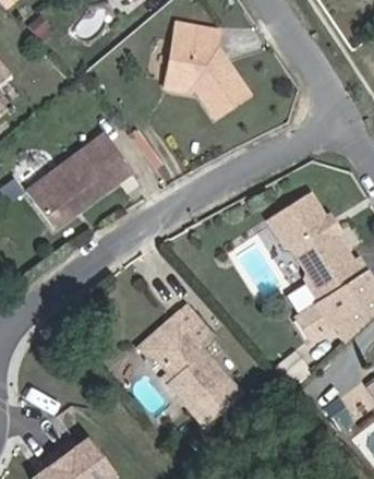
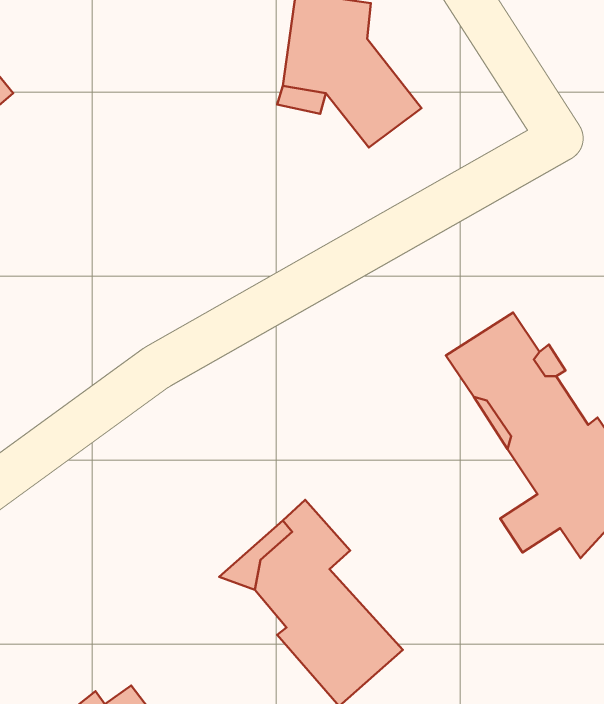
building: [37,131,140,221] -> none

